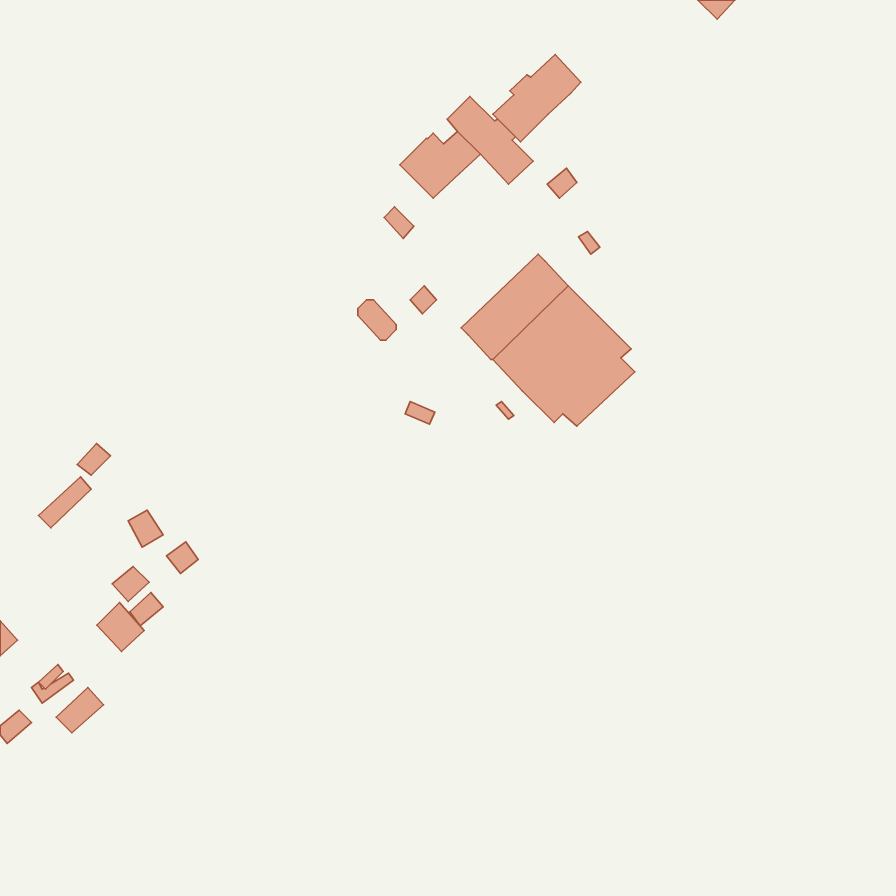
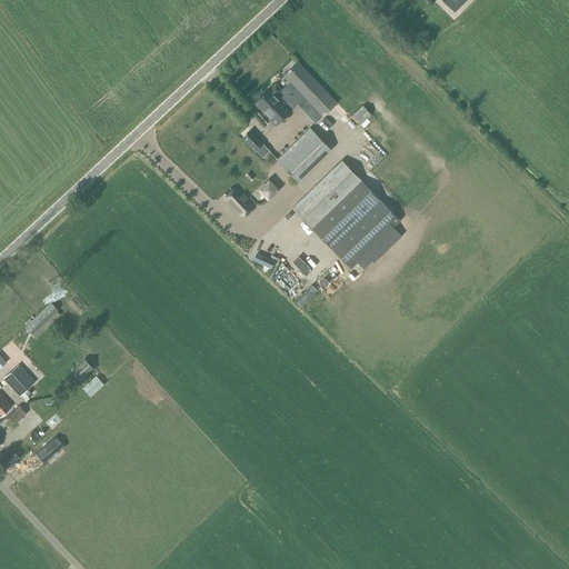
building: [493,55,581,142] -> none
building: none -> [277,128,329,180]
building: [97,602,144,651] -> [4,365,34,396]

